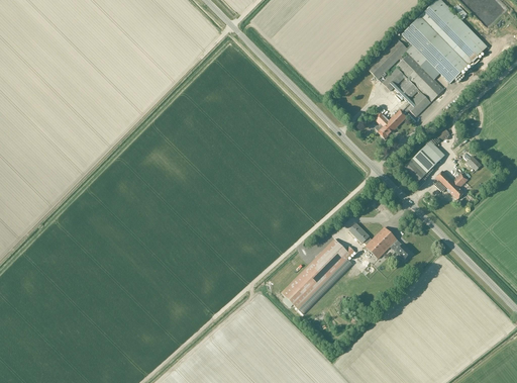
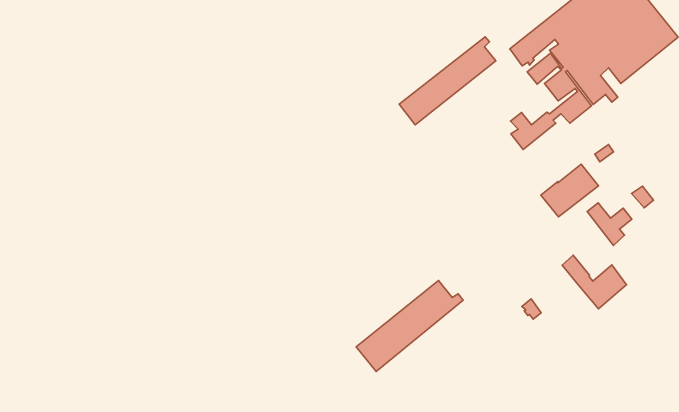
building: none -> [399,37,496,125]
building: [348,222,396,259] -> [562,255,627,309]

